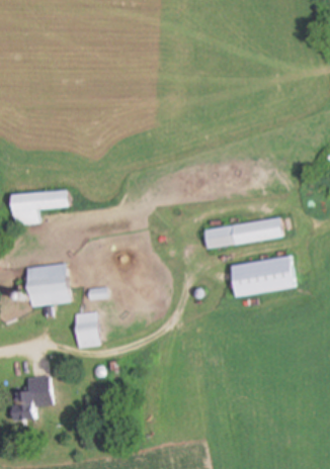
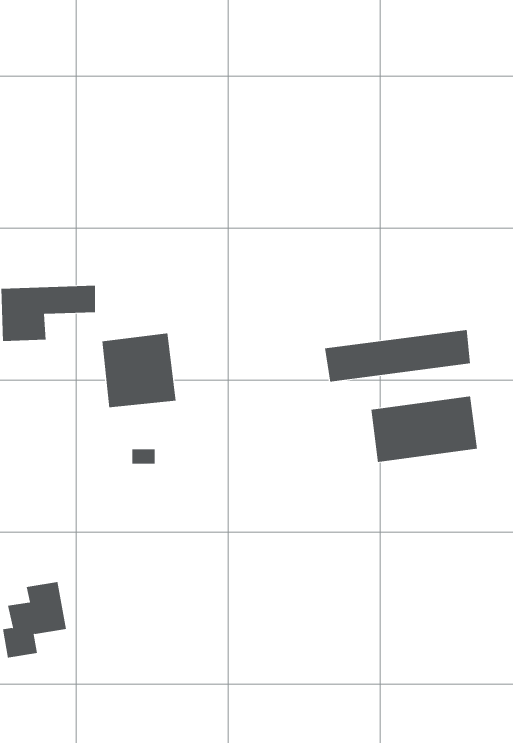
building: [25,262,70,306] -> [102,333,177,408]
building: [75,312,98,347] -> none

